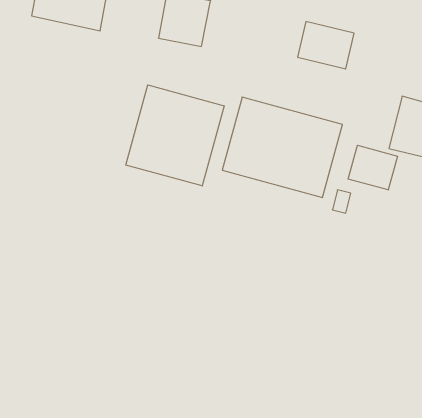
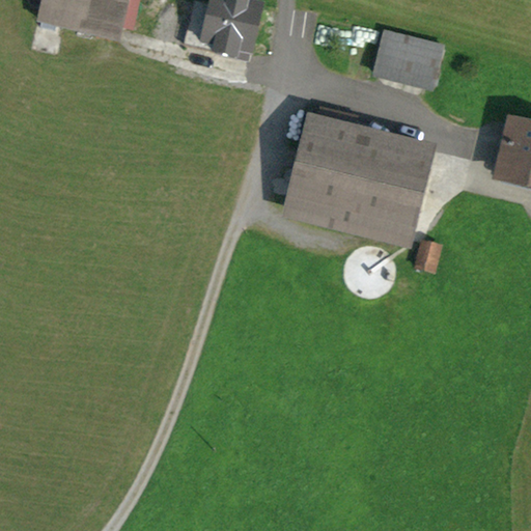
building: [126,85,224,186] -> none
building: [348,145,398,190] -> none

